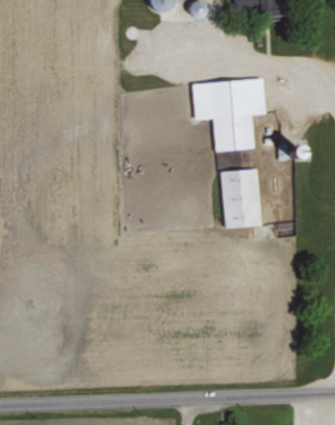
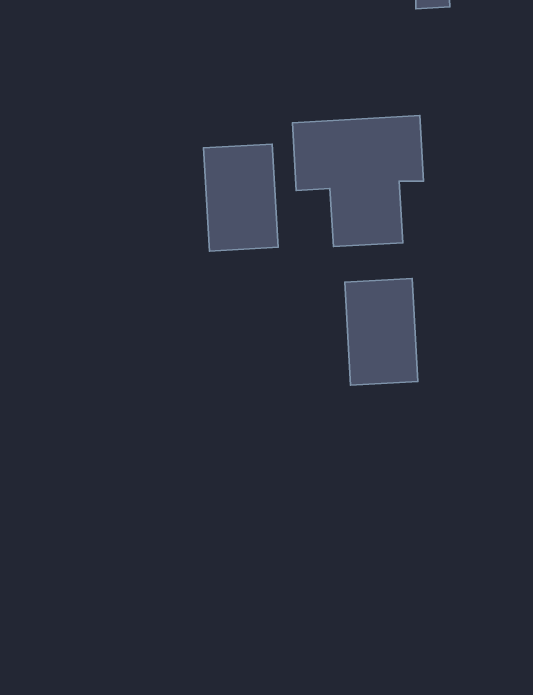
building: none -> [204,144,278,251]

